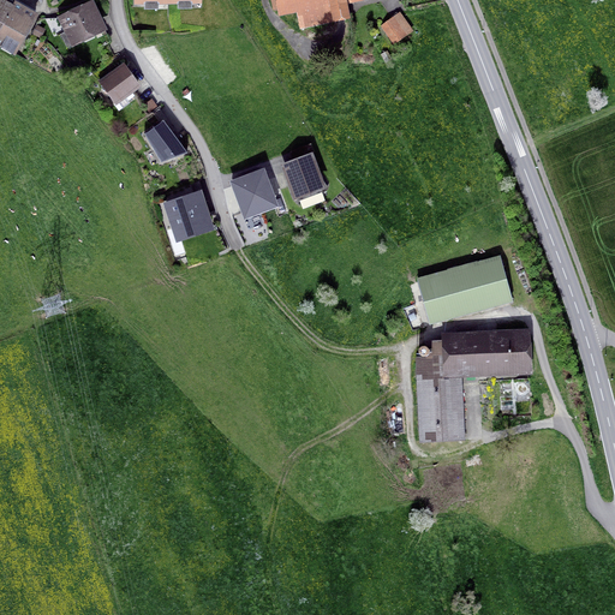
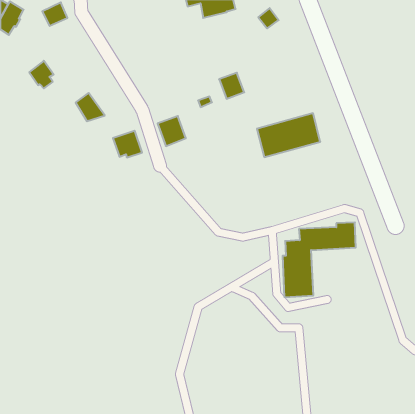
building: [102,65,138,106] -> [29,61,54,88]
building: [144,119,187,161] -> [76,93,105,121]
building: [285,156,322,195] -> [219,73,244,99]
building: [418,257,512,322] -> [257,113,320,157]

